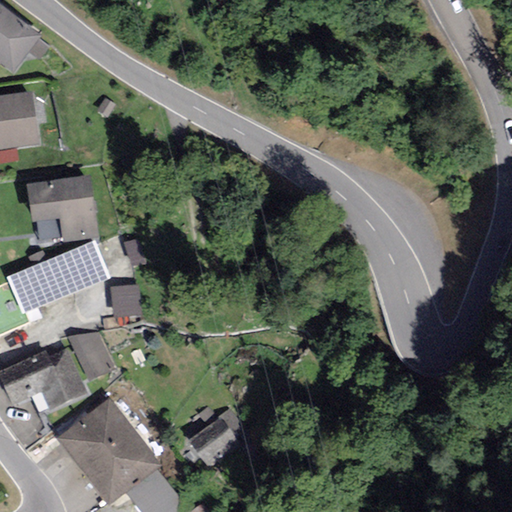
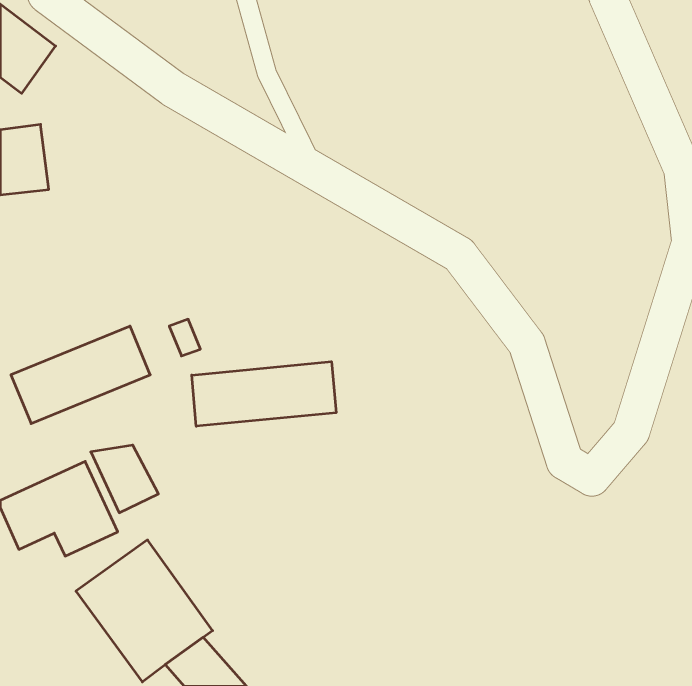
building: [27,178,93,239] -> none
building: none -> [192,362,336,426]
building: [111,282,142,316] -> none
building: [192,413,240,460] -> none

